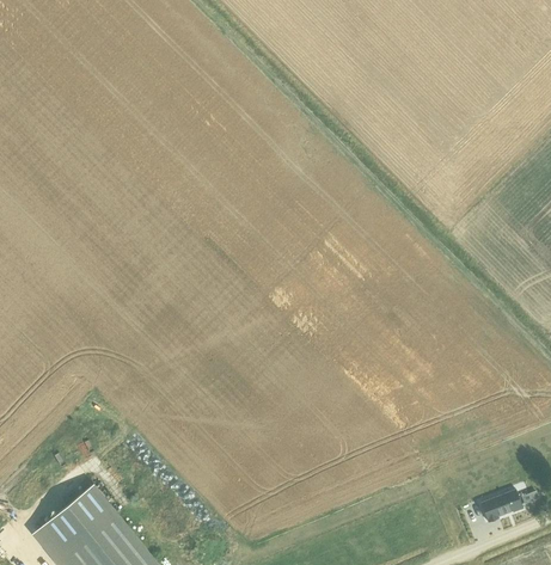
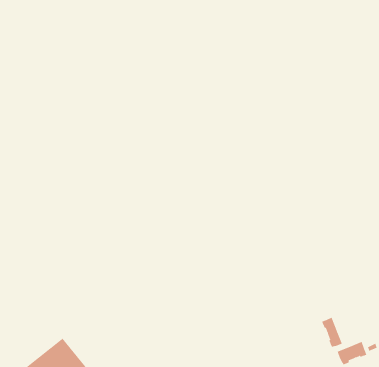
building: none -> [321,317,343,348]

